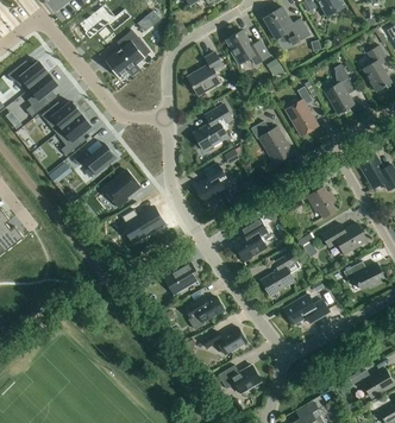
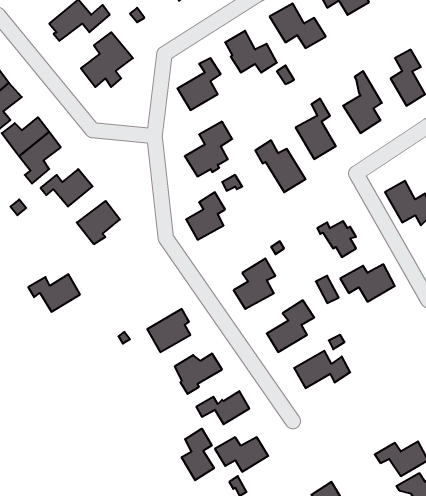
building: [120,207,163,238] -> [28,274,80,312]
building: [344,261,385,290] -> none
building: none -> [182,429,214,480]

